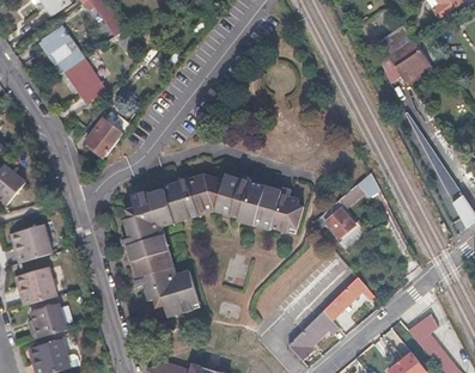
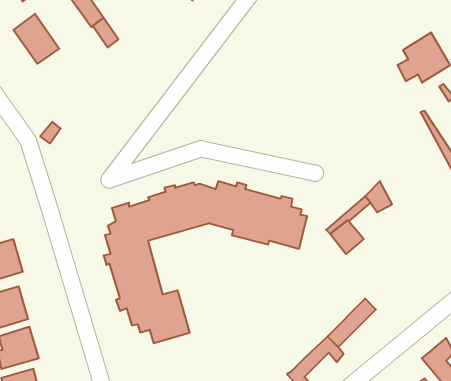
building: [65,56,105,102] -> none
building: [86,120,122,155] -> none

